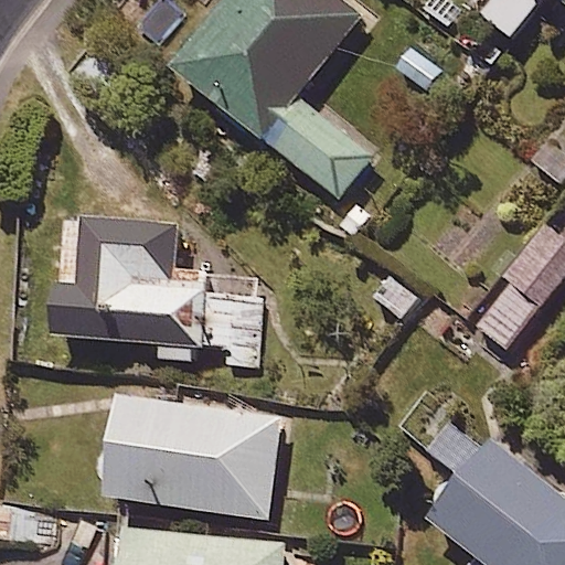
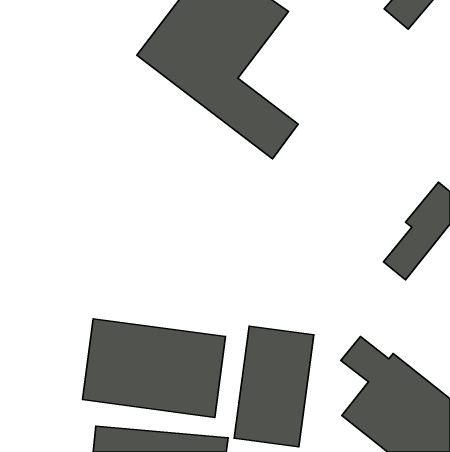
building: [50,216,264,366] -> none
building: none -> [234,326,314,447]

